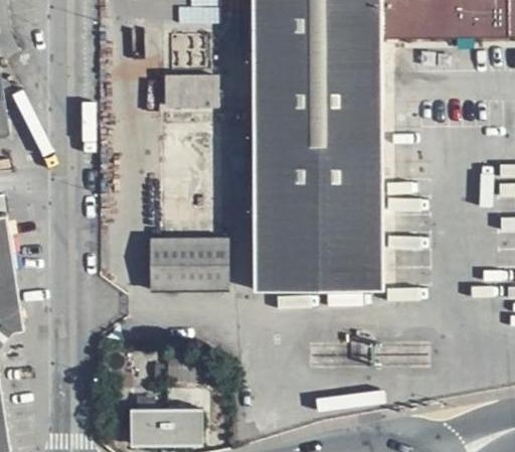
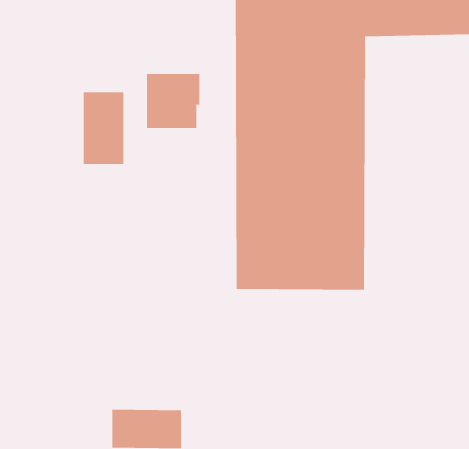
building: none -> [83,91,124,165]
building: [150,237,227,290] -> none

